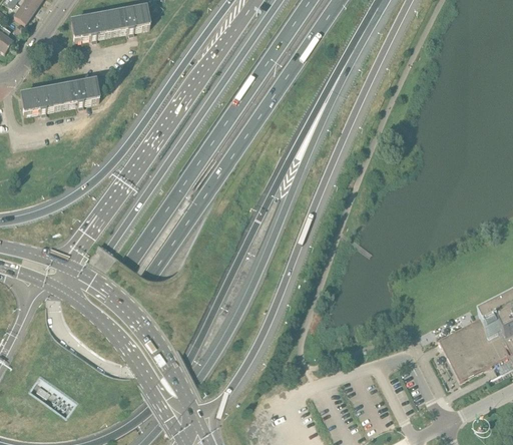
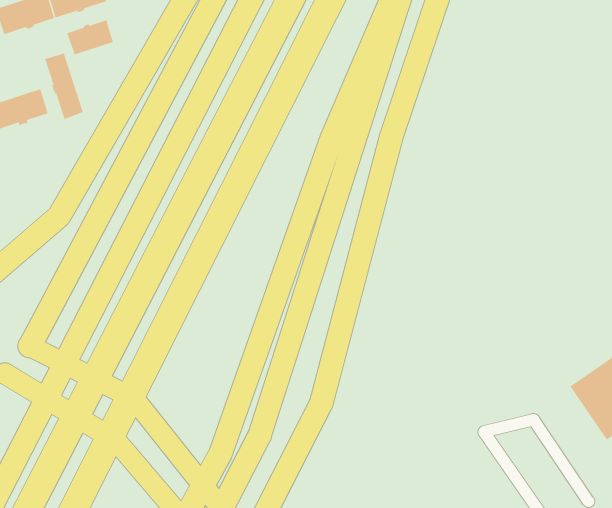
building: none -> [66,19,114,55]
building: none -> [44,53,83,120]

